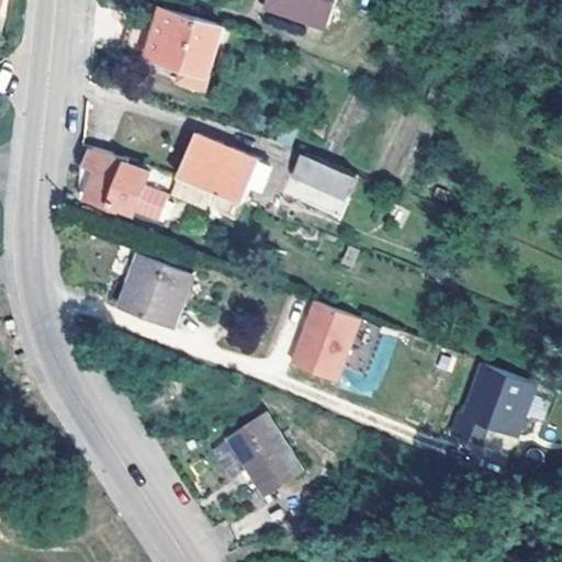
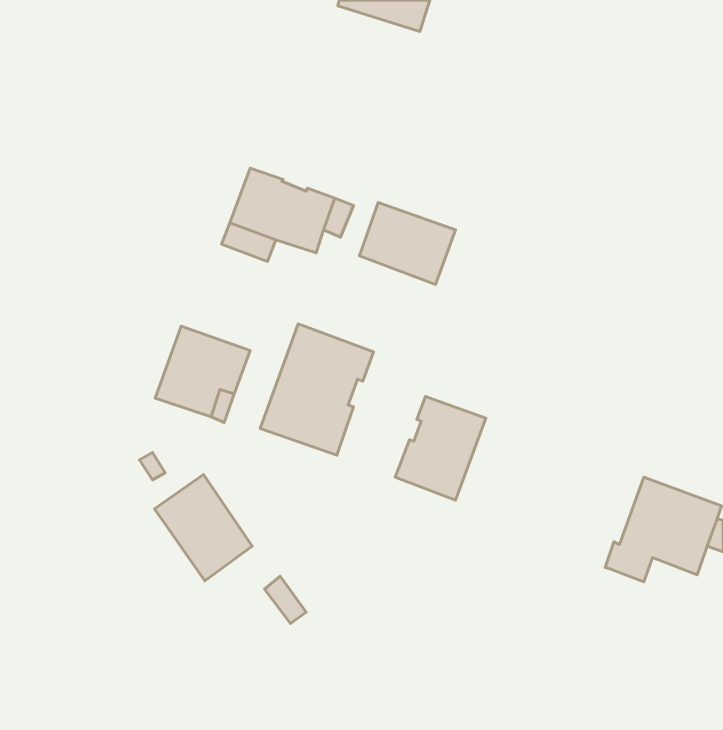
building: [119,11,216,88] -> none
building: [79,143,161,216] -> none
building: none -> [260,324,373,455]
building: [223,414,297,495] -> [155,474,252,581]

